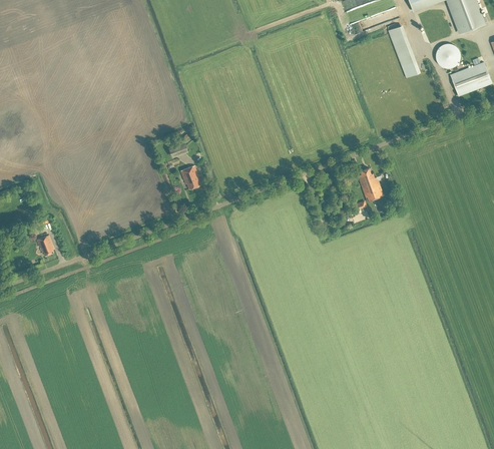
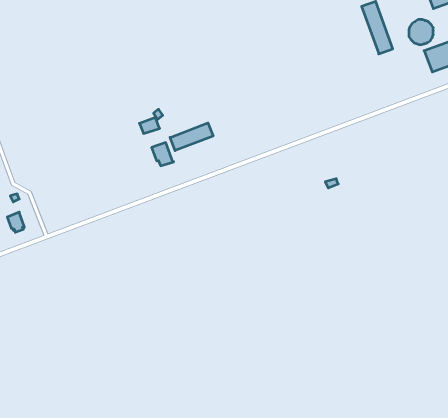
building: none -> [170,123,213,151]
building: [357,167,383,201] -> none

